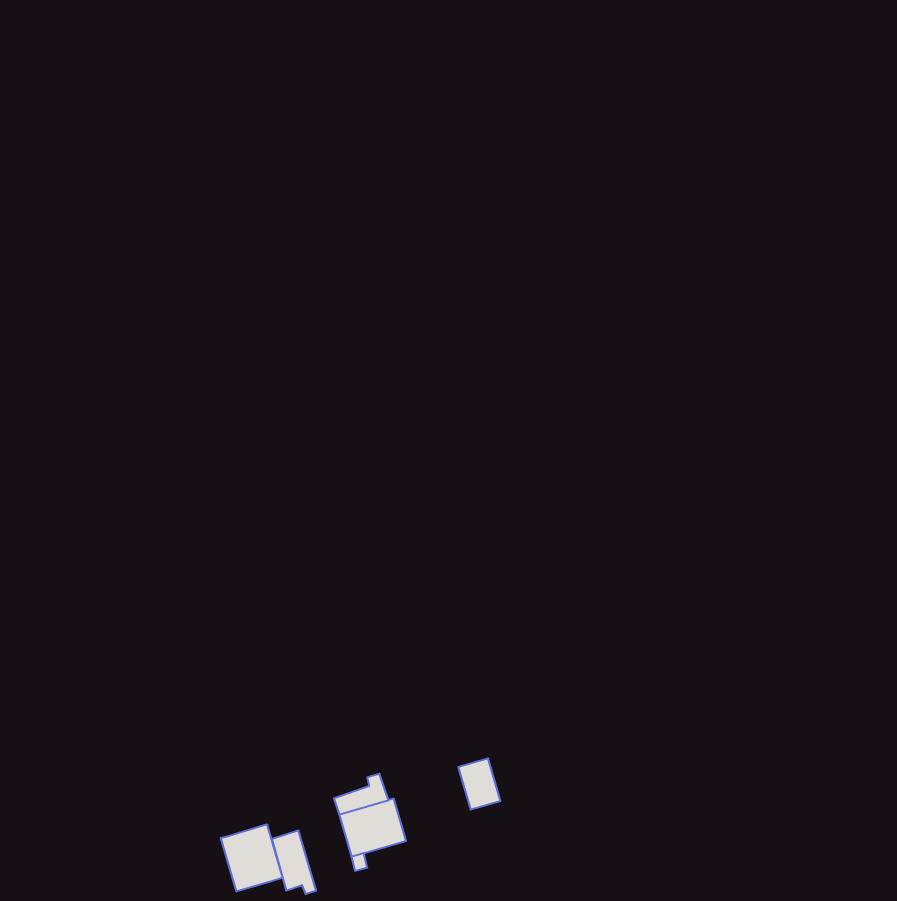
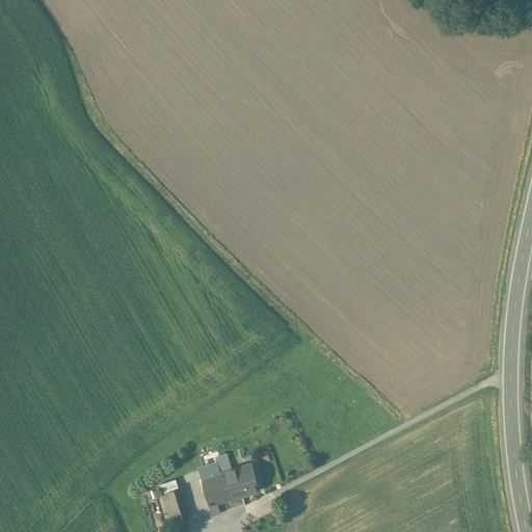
building: [458,758,501,810] -> [232,466,257,496]
building: [221,824,283,892] -> none

